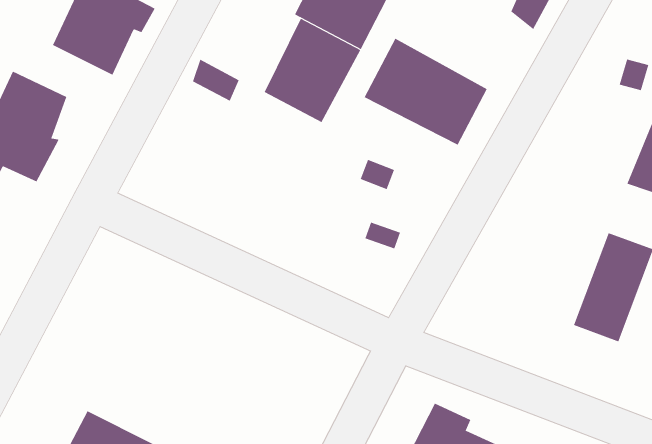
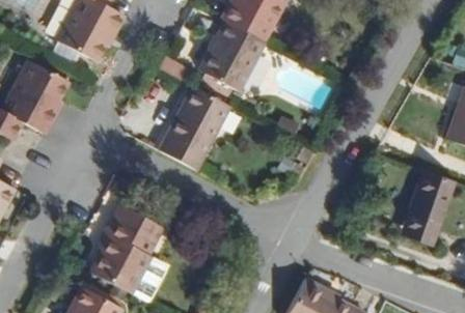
building: [364,38,488,145] -> none
building: none -> [162,87,229,171]
building: none -> [89,206,160,293]

